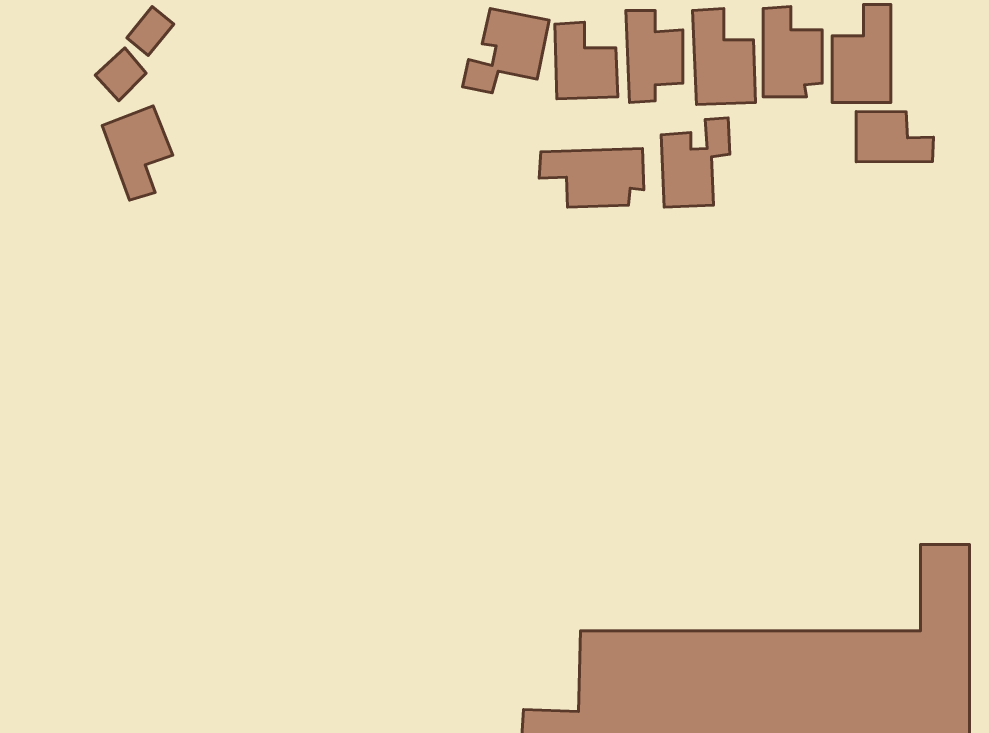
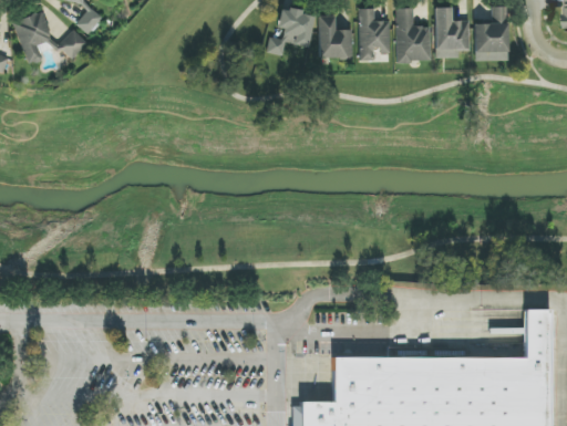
building: [102,106,173,200] -> [13,11,53,64]
building: [856,111,933,162] -> none
building: [661,118,730,207] -> none
building: [539,149,644,207] -> none

